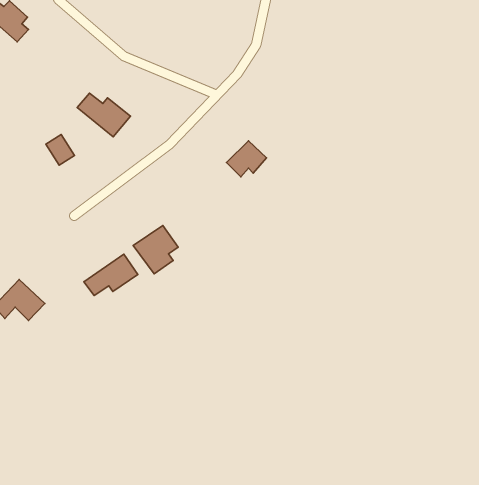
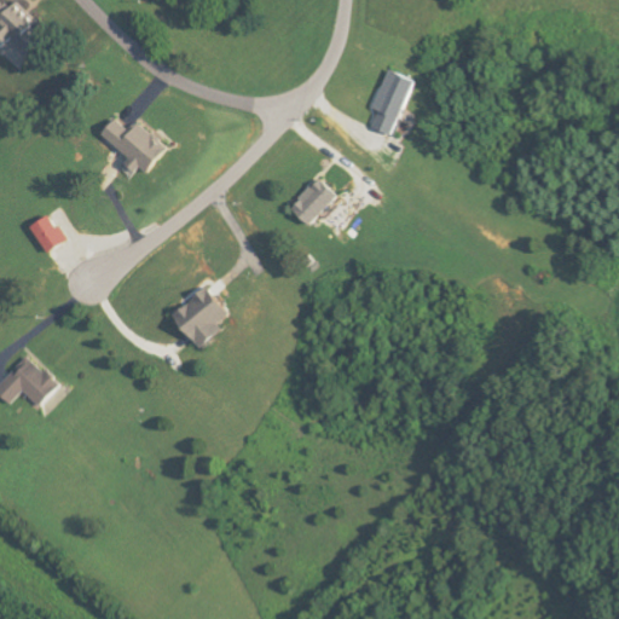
building: none -> [368,69,413,134]
building: [46,135,74,165] -> [27,214,63,253]
building: [84,254,138,296] -> none

